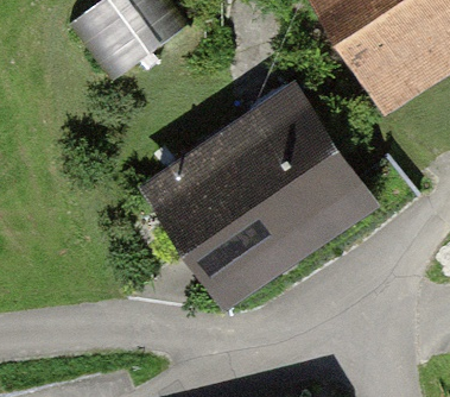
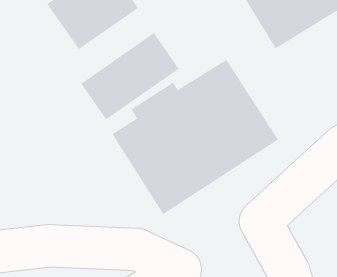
building: none -> [81,32,179,120]

